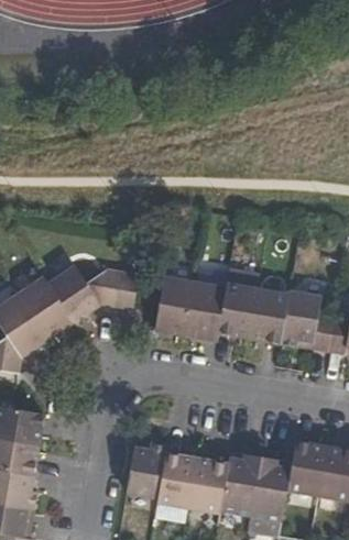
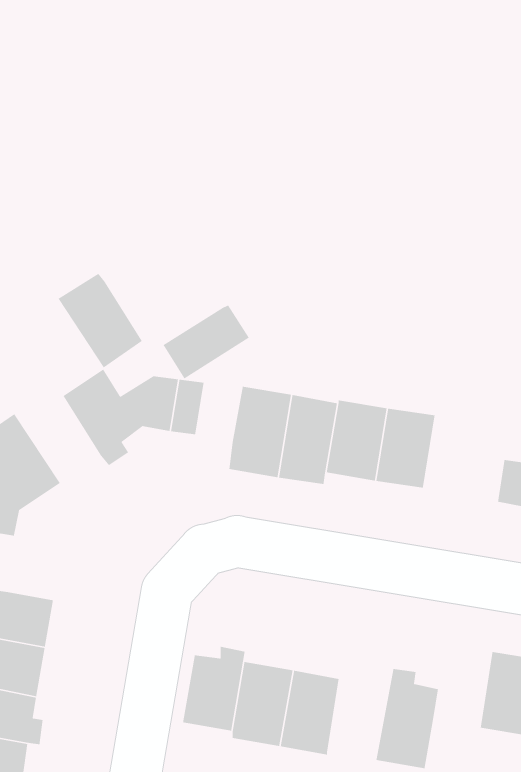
building: none -> [162,304,250,380]
building: [18,276,73,338] -> [57,273,143,369]
building: [281,290,332,350] -> none
building: [287,440,325,495] -> none
building: [219,453,261,516] -> none

